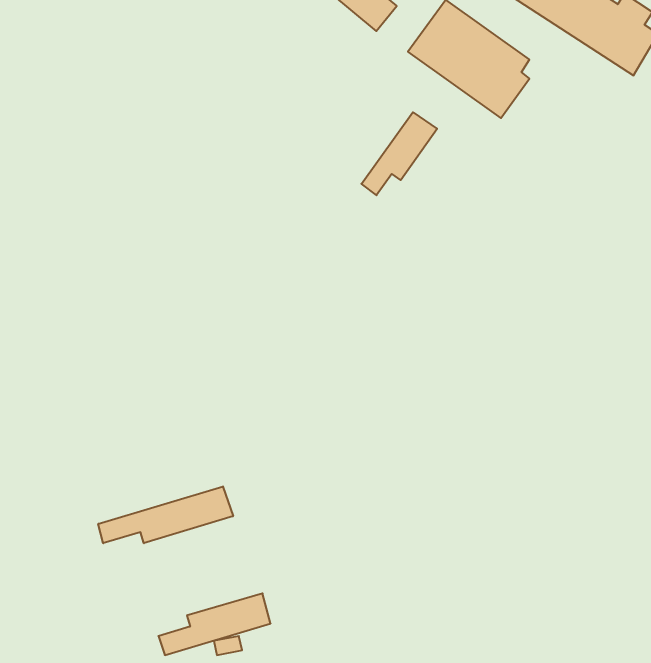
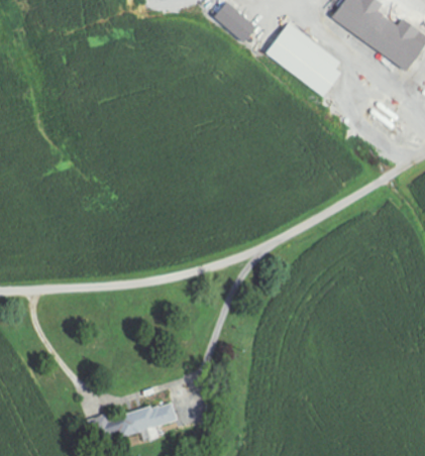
building: [361,112,437,195] -> none
building: [98,486,233,543] -> none

